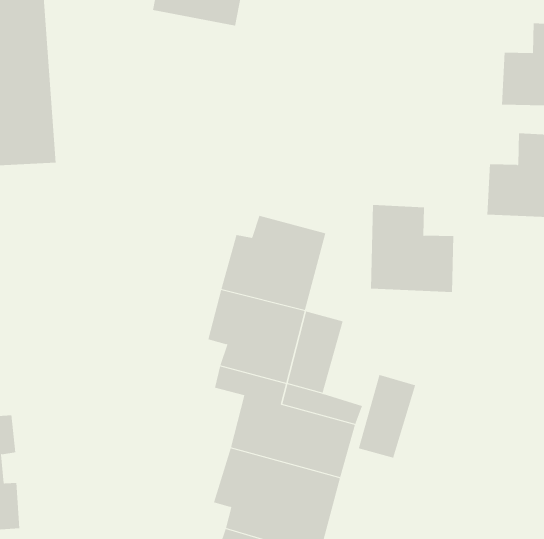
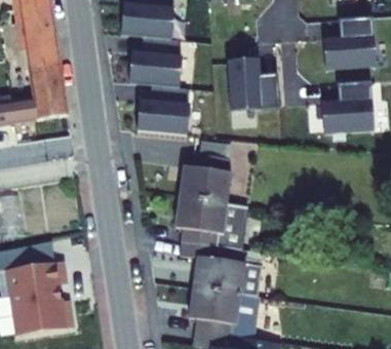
building: none -> [127,48,180,84]
building: none -> [133,90,188,128]
building: [370,204,454,292] -> [227,56,278,107]
building: [358,374,416,459] -> none

